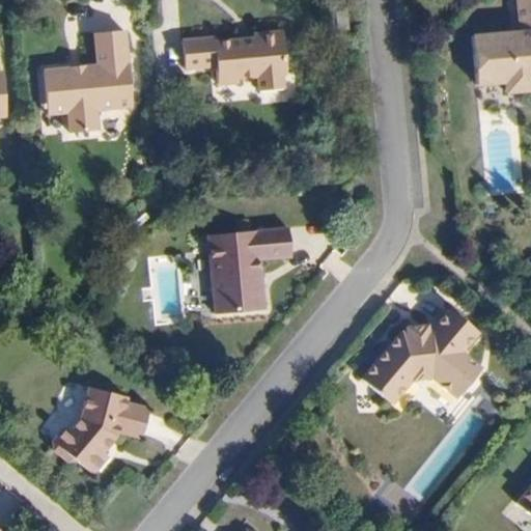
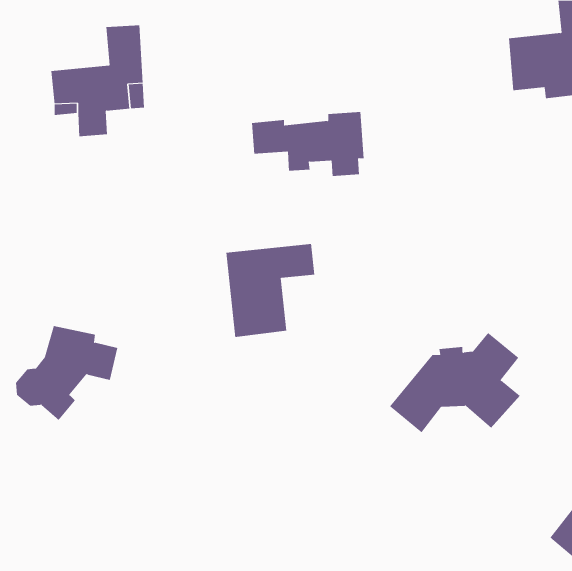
building: [183,29,287,89] -> [251,112,364,177]
building: [52,387,147,475] -> [15,325,118,421]

